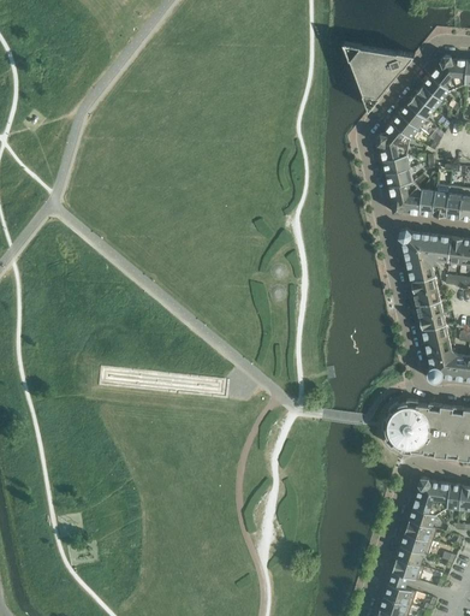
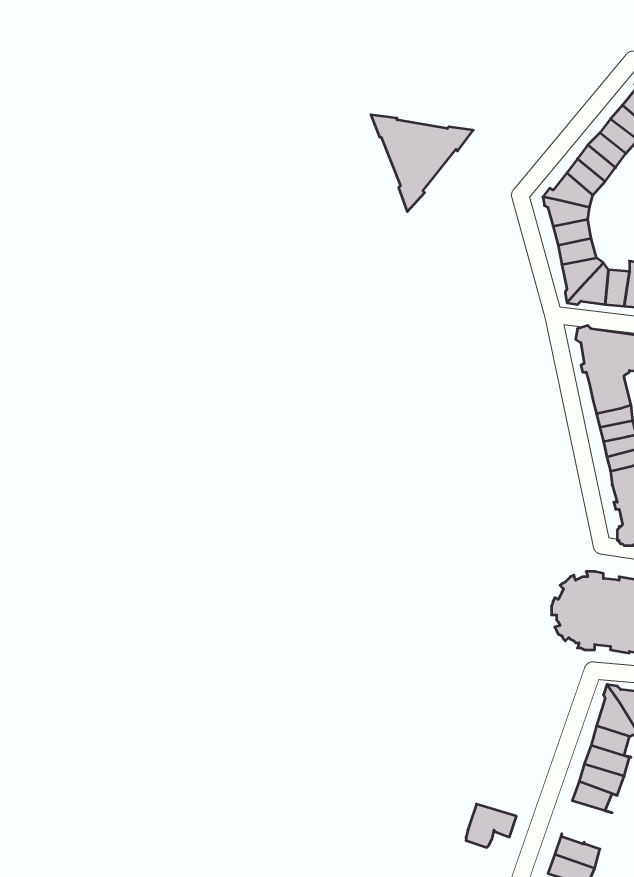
building: [344,43,415,111] -> [371,115,473,212]
building: [389,558,424,588] -> [466,804,516,847]

